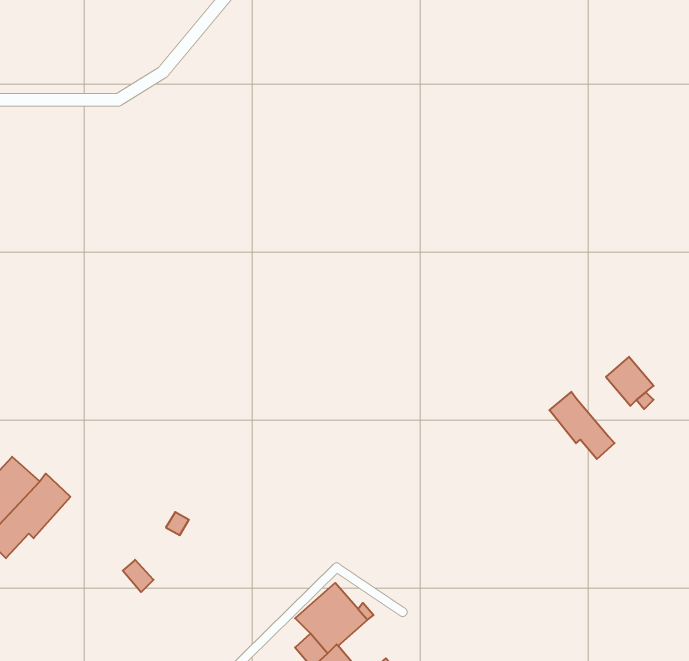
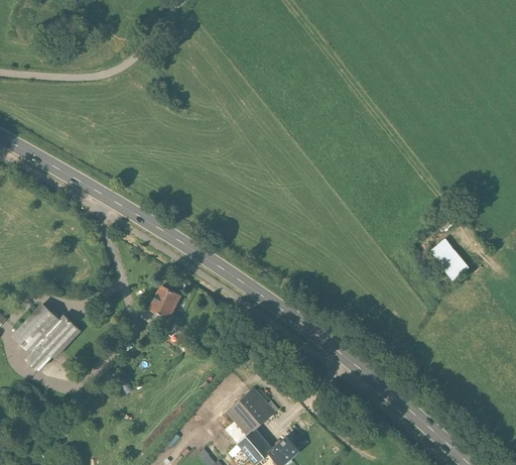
building: [549,392,615,459] -> none
building: none -> [149,286,180,319]

